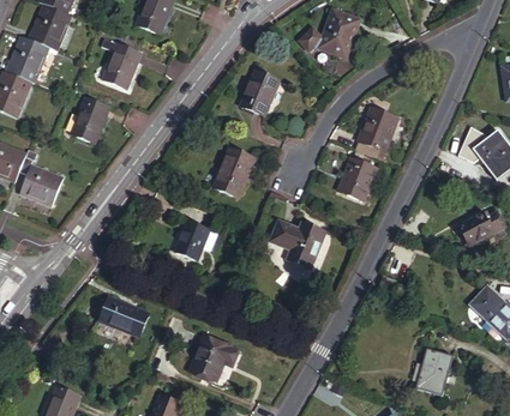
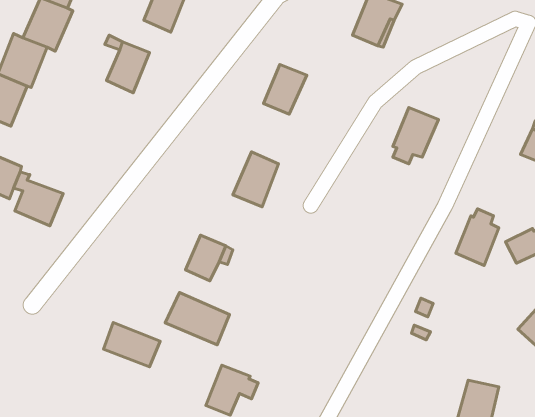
building: [70,100,109,146] -> none
building: [338,149,377,199] -> [456,209,499,265]
building: [271,217,323,259] -> none
building: none -> [165,292,229,345]

